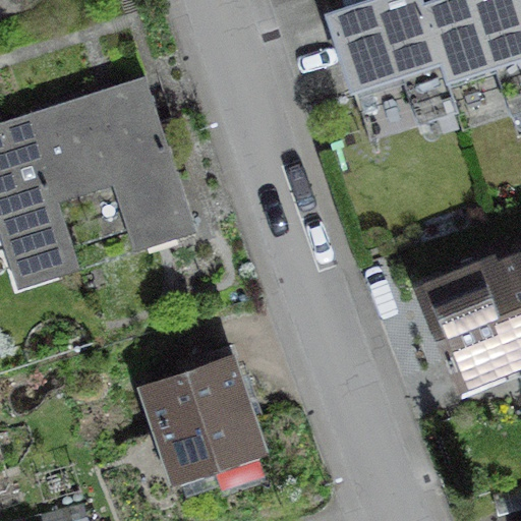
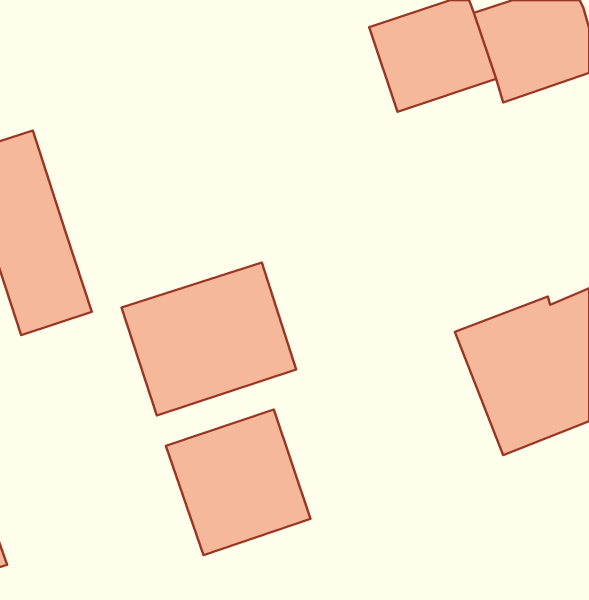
building: [28,74,199,249] -> none
building: none -> [122,262,296,416]

